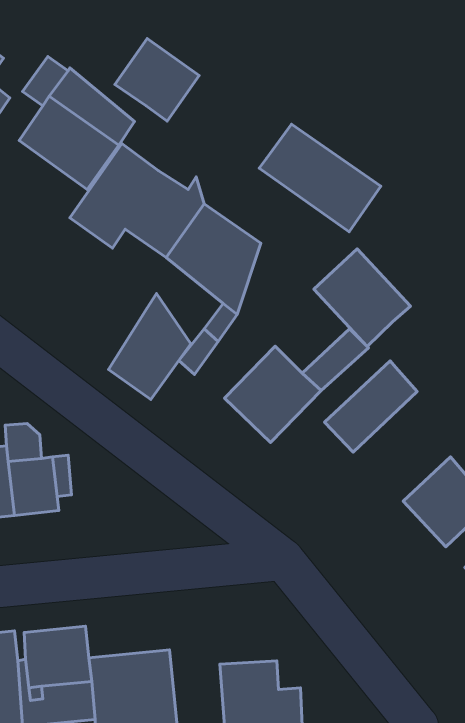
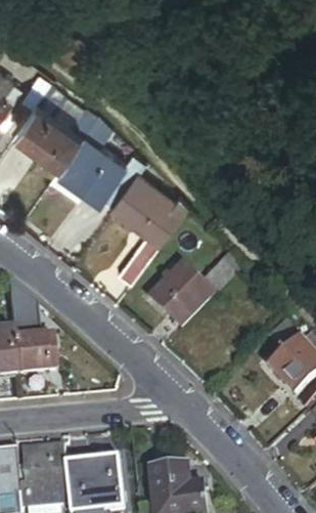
building: [115,39,199,121] -> none
building: [259,124,381,232] -> none
building: [314,249,411,346] -> none
building: [108,294,191,399] -> none
building: [325,361,417,452] -> none

